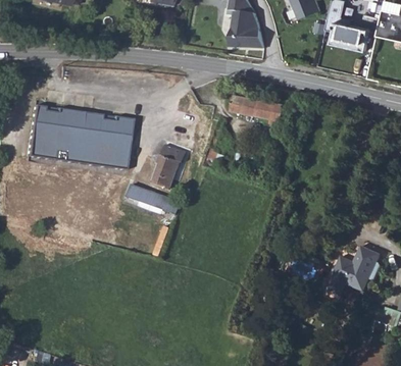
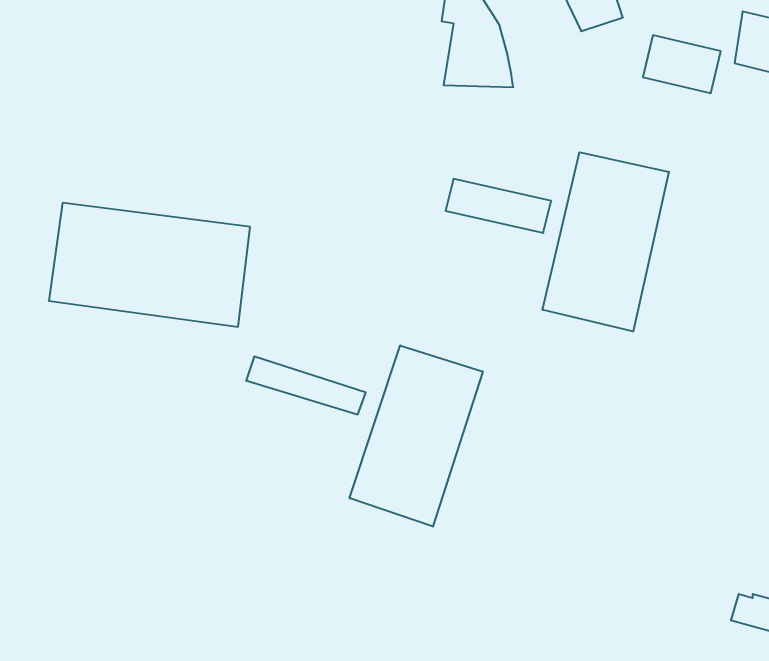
building: none -> [543,152,669,332]
building: [153,144,184,187] -> none
building: none -> [350,345,483,527]
building: [328,247,381,295] -> none

